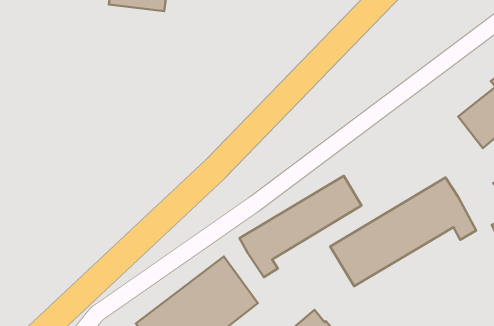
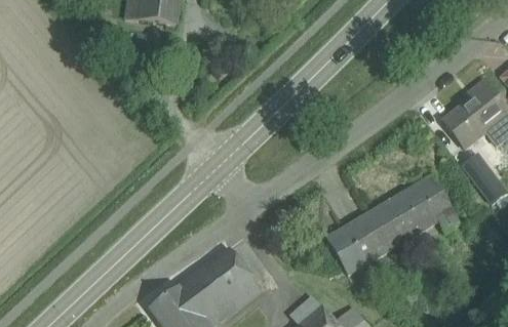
building: [240,176,361,277] -> none

